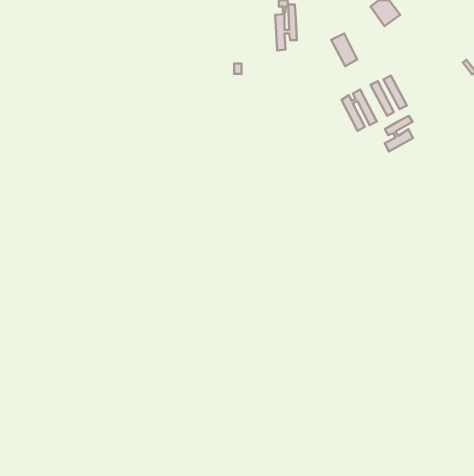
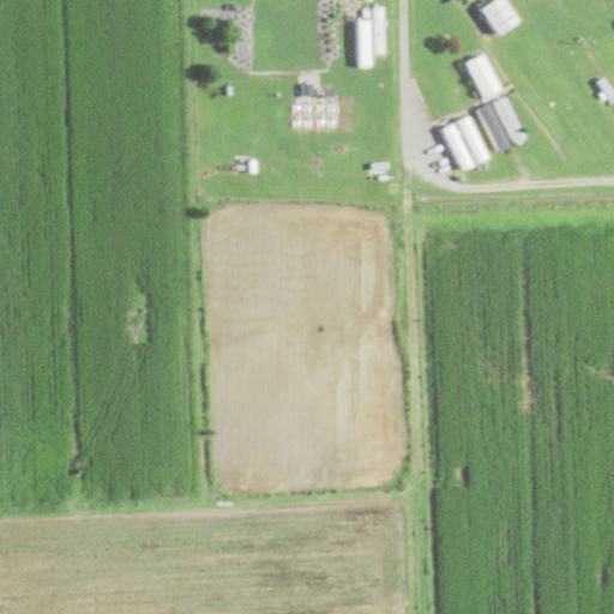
building: [331,33,357,66] -> [466,54,500,96]
building: [385,116,413,151] -> none

